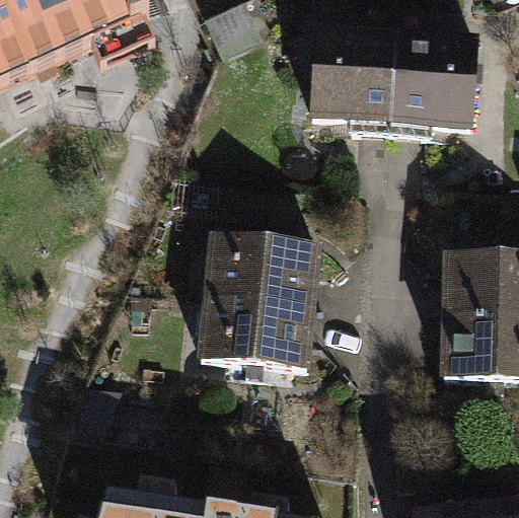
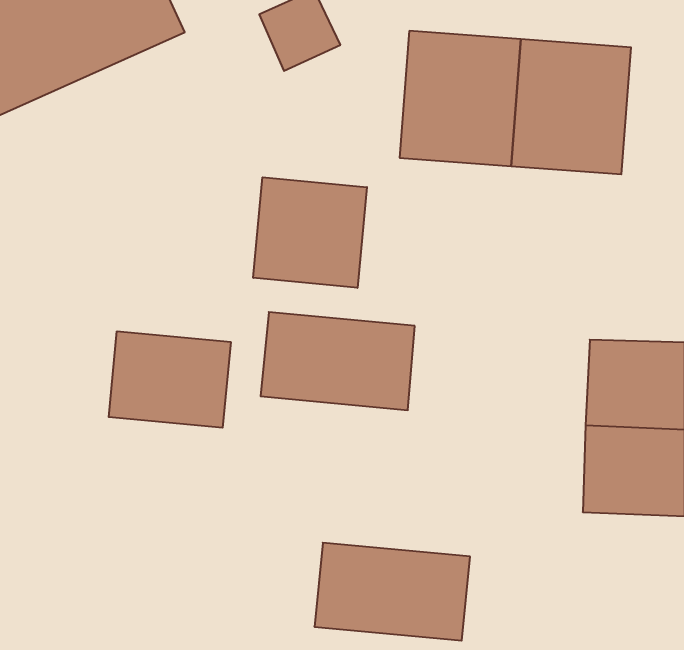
building: none -> [253,177,367,288]
building: none -> [109,331,231,428]
building: [198,294,312,366] -> [314,543,470,641]

